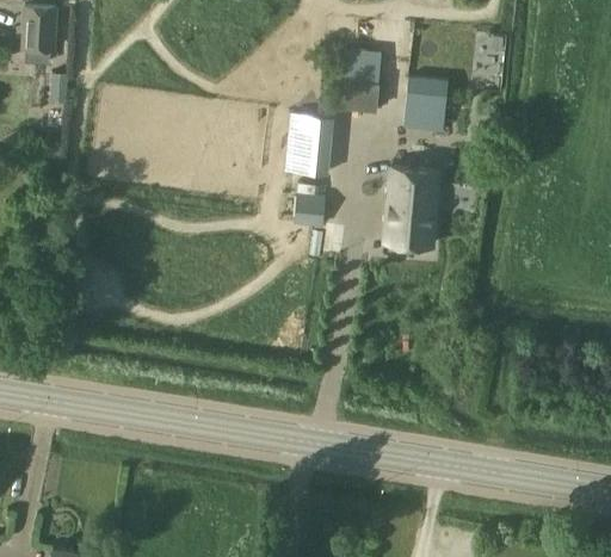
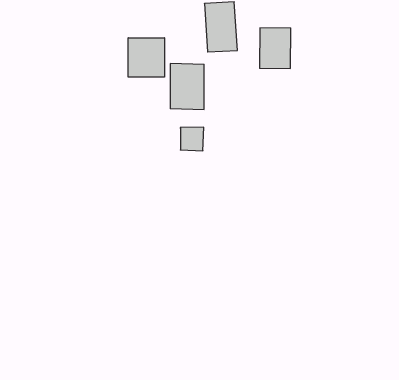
building: none -> [128,38,164,77]
building: [384,169,439,248] -> none

